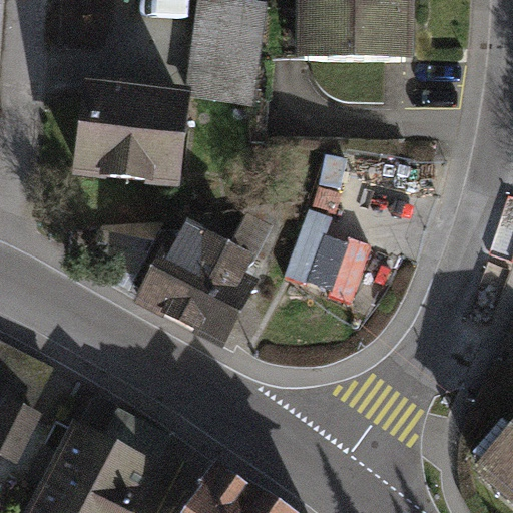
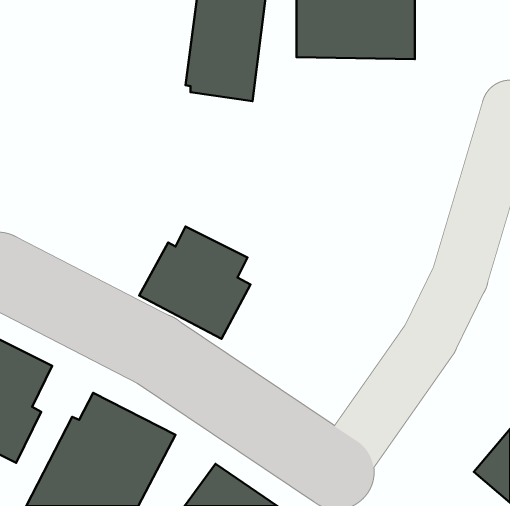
building: [72,73,190,186] -> none
building: [285,225,390,315] -> none

